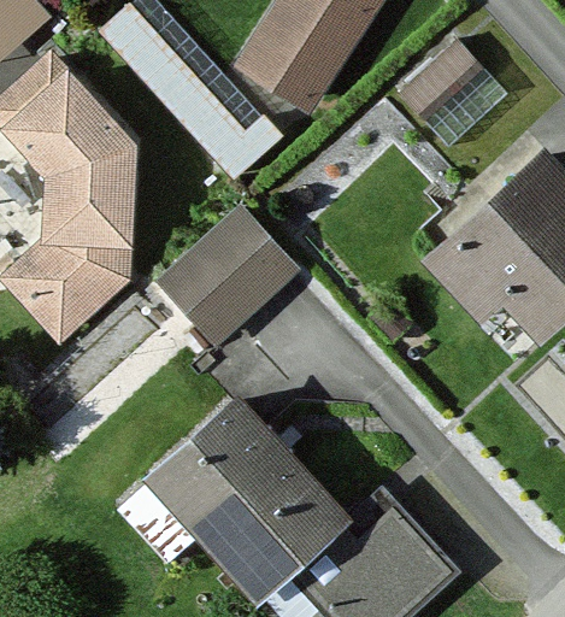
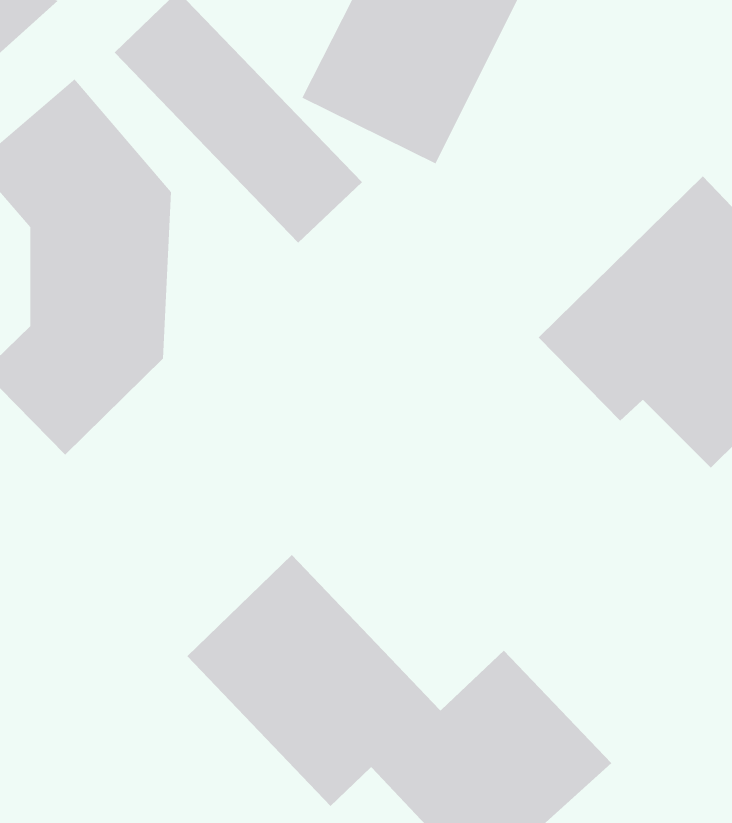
building: [400,40,505,146] -> none
building: [153,201,296,341] -> none

